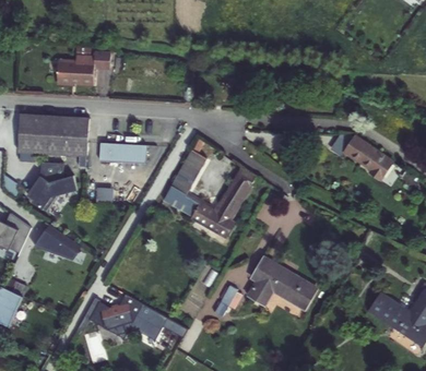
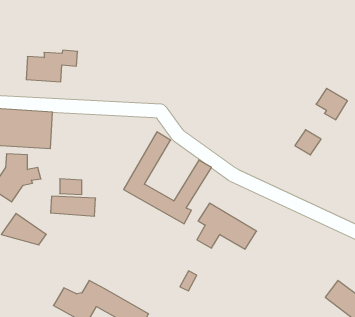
building: [96,142,143,163] -> [51,196,96,216]
building: [356,146,389,179] -> [316,88,347,120]
building: [250,256,312,304] -> [197,203,257,249]

